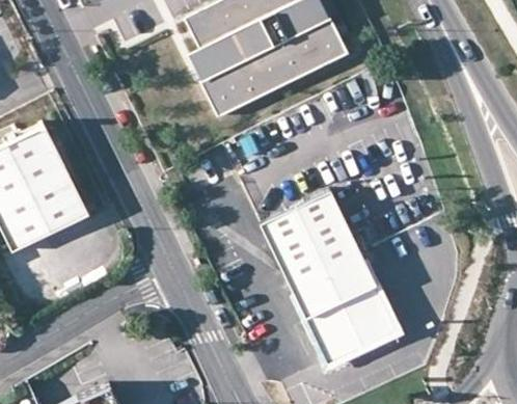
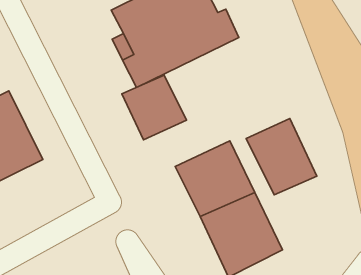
building: none -> [122,75,187,140]
building: none -> [246,119,317,195]

